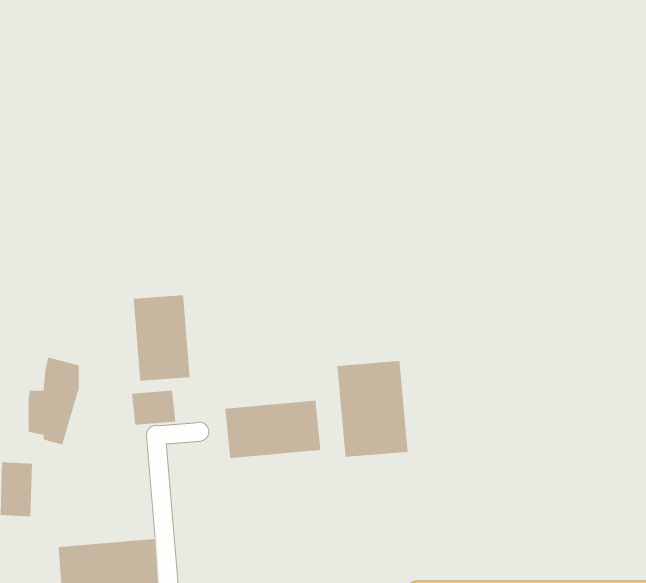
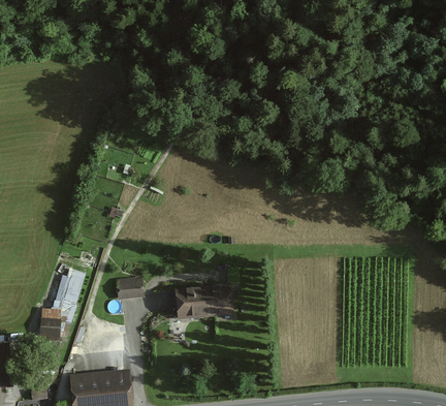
building: [133,295,190,382] -> none
building: [337,360,408,458] -> none

